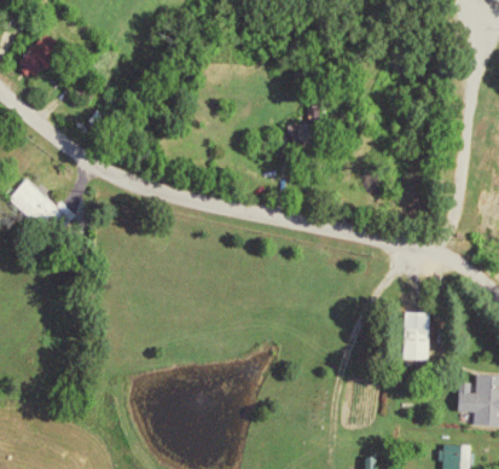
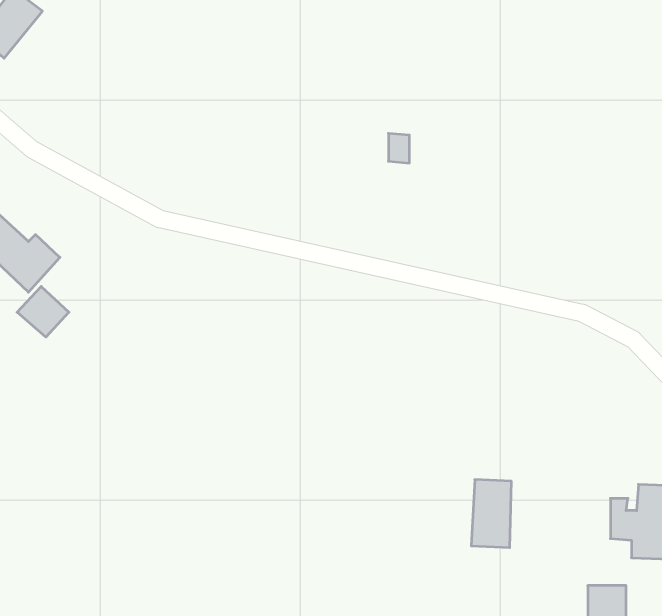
building: none -> [17,286,69,337]
building: [402,312,430,359] -> [471,480,511,548]

